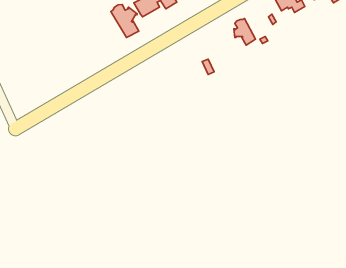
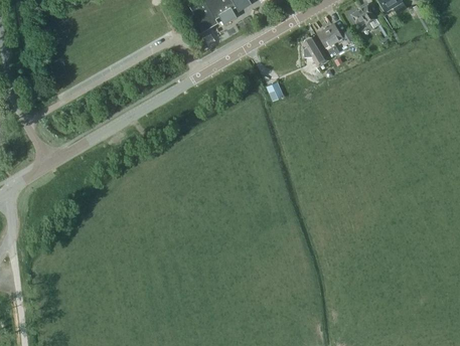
building: [111,5,139,37] -> none
building: none -> [318,24,341,56]

